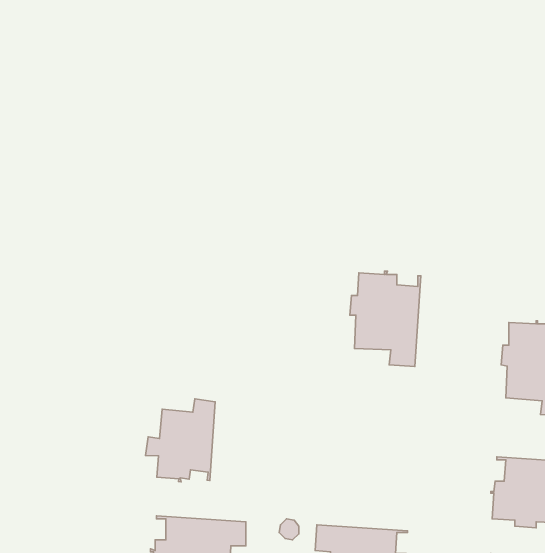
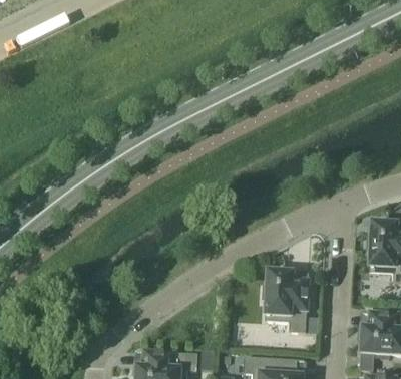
building: [350,271,421,366] -> [262,270,309,333]
building: [146,399,215,482] -> none

